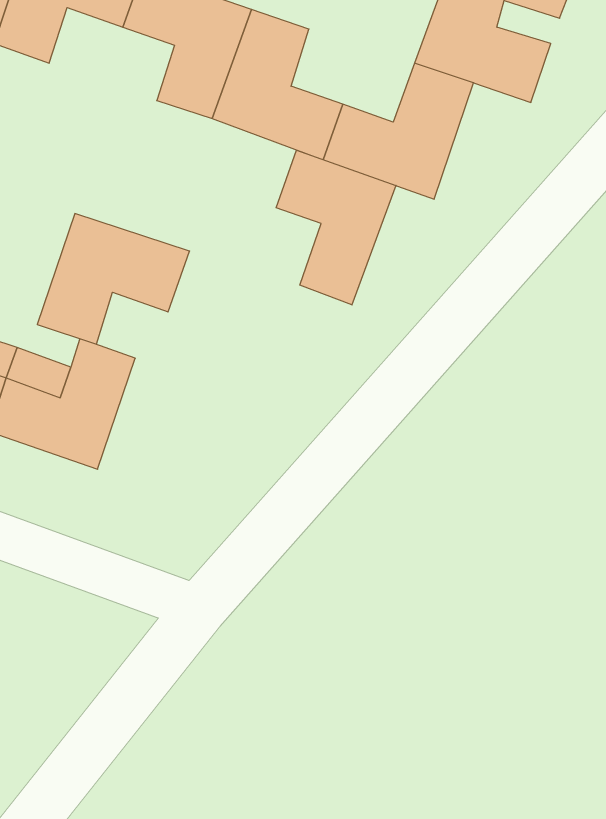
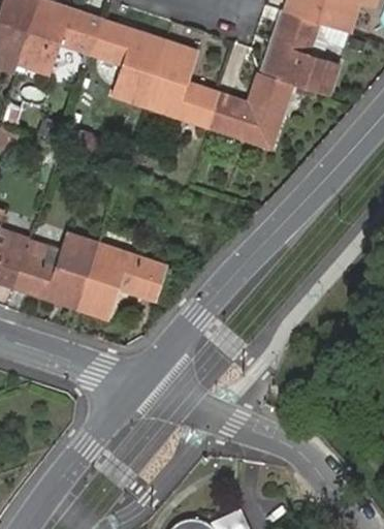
building: [276,150,396,305] -> none
building: [37,214,190,344] -> [76,244,164,319]

